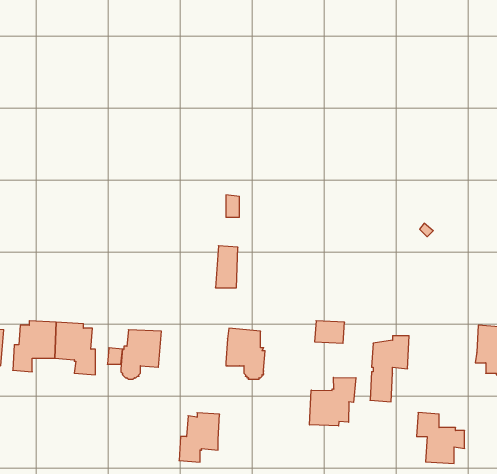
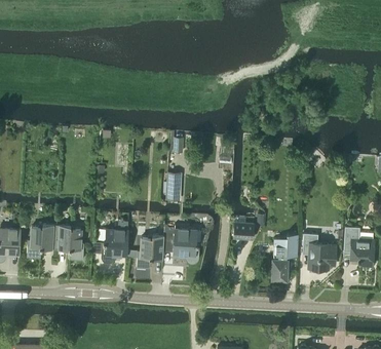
building: [310,377,356,426] -> none
building: [417,413,465,463] -> [302,234,335,269]
building: [179,413,220,462] -> [136,235,163,269]

